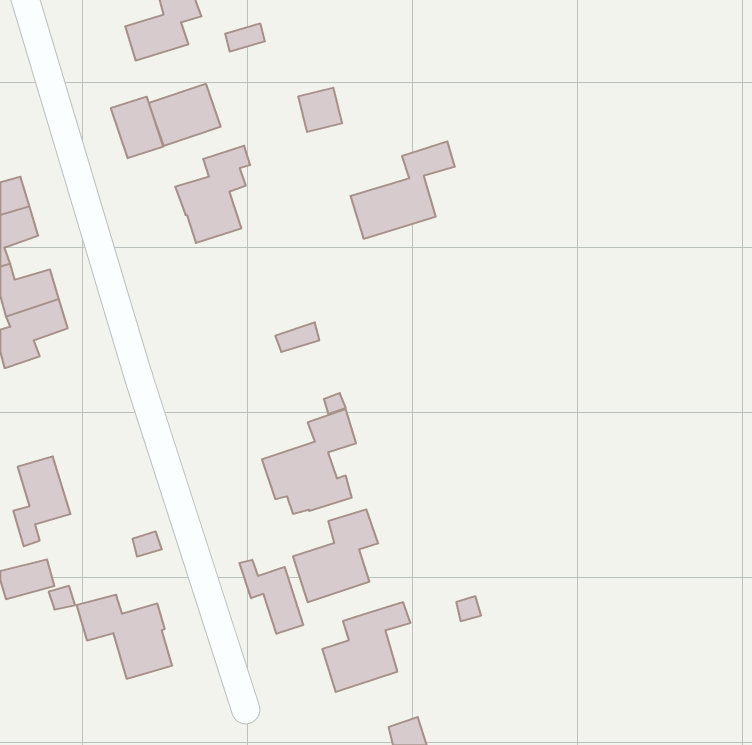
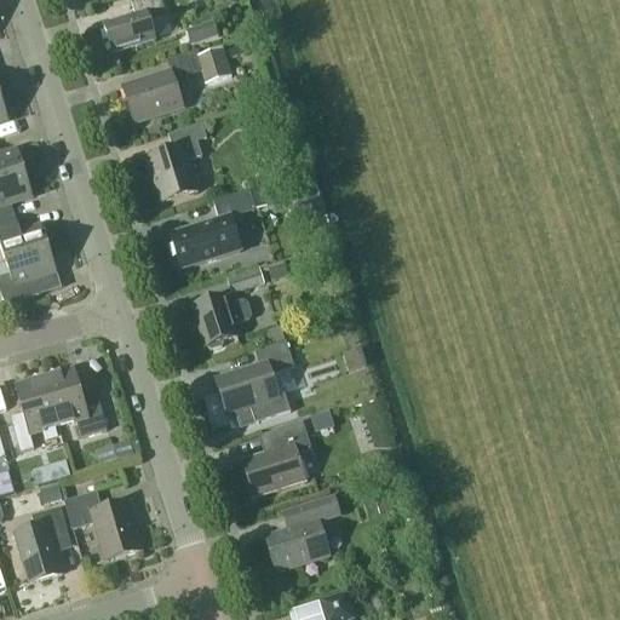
building: [298,88,342,132] -> [195,45,231,81]
building: [111,97,163,158] -> none
building: [350,142,455,239] -> [170,186,256,266]
building: none -> [191,292,249,346]
building: none -> [44,367,107,435]
building: [239,560,303,634] -> none
building: none -> [13,505,69,580]

